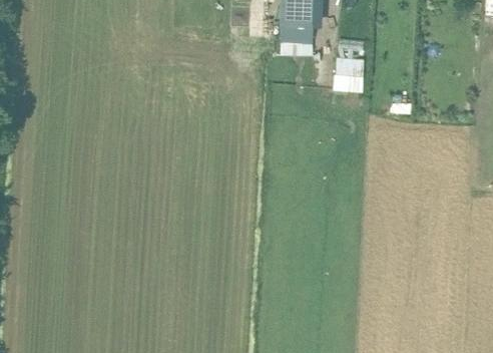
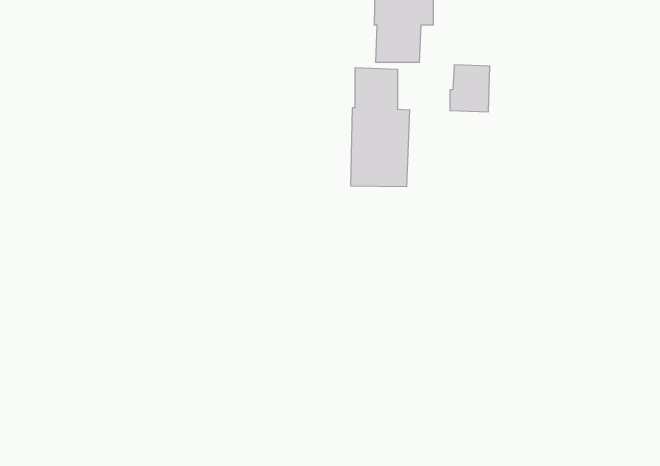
building: none -> [351,68,409,187]

